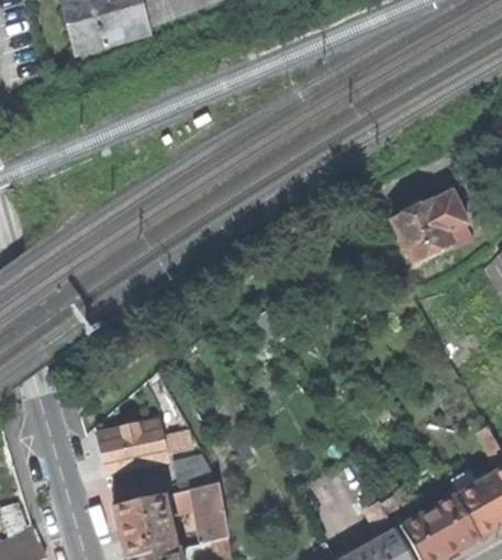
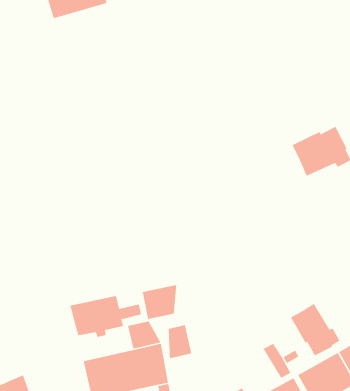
building: none -> [142,284,177,320]
building: none -> [290,303,340,357]
building: none -> [168,324,192,359]

